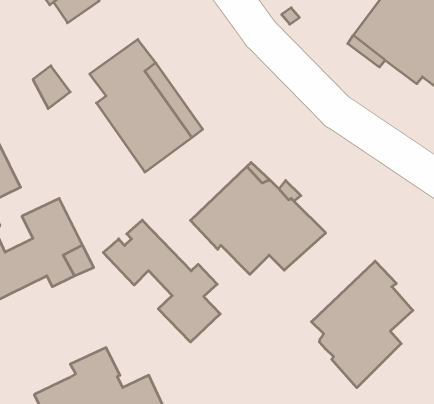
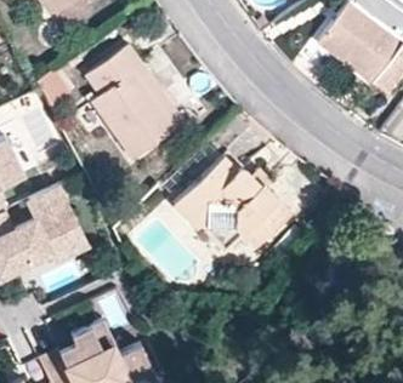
building: [103,220,220,342] -> none
building: [311,261,413,388] -> none

